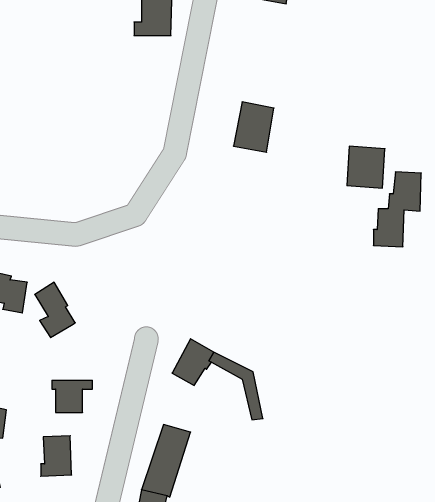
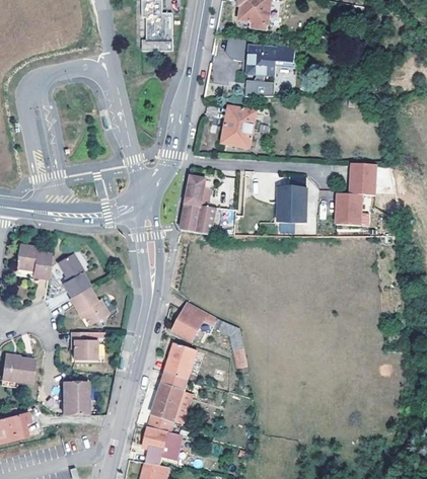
building: none -> [224,36,245,59]
building: none -> [245,42,295,95]
building: [347,146,385,188] -> [277,190,308,225]
building: none -> [181,177,217,234]
building: none -> [70,290,108,327]
building: none -> [164,342,195,378]

